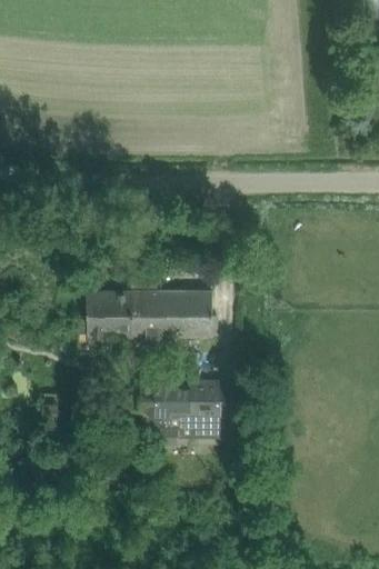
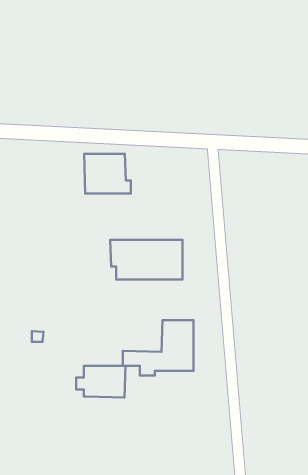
building: [86,292,138,337] -> [84,154,131,194]
building: [134,382,190,418] -> [76,366,126,397]

